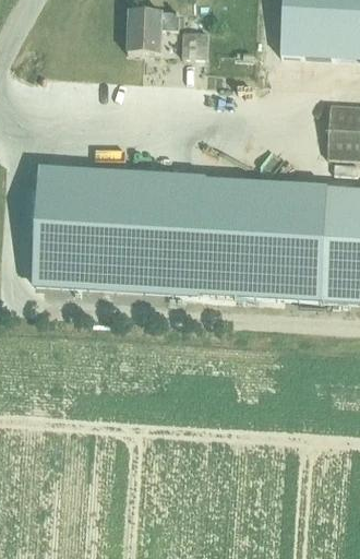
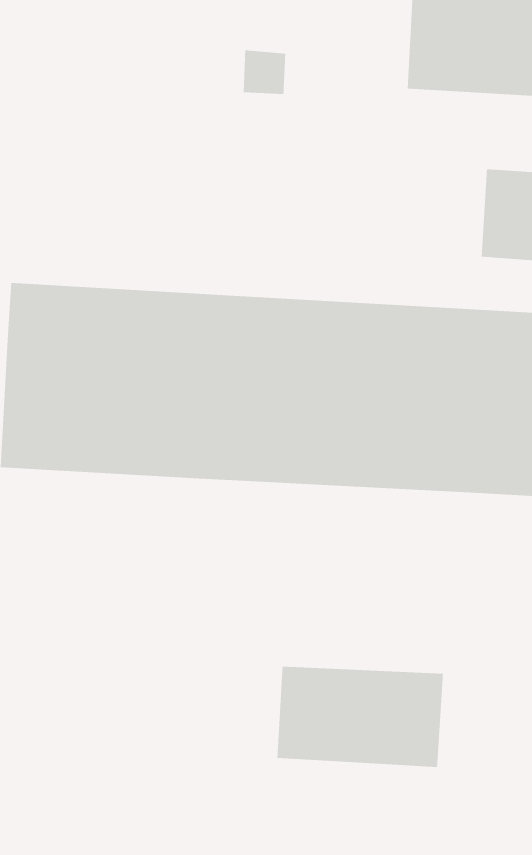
building: [125,9,179,52] -> none
building: none -> [276,666,444,768]

